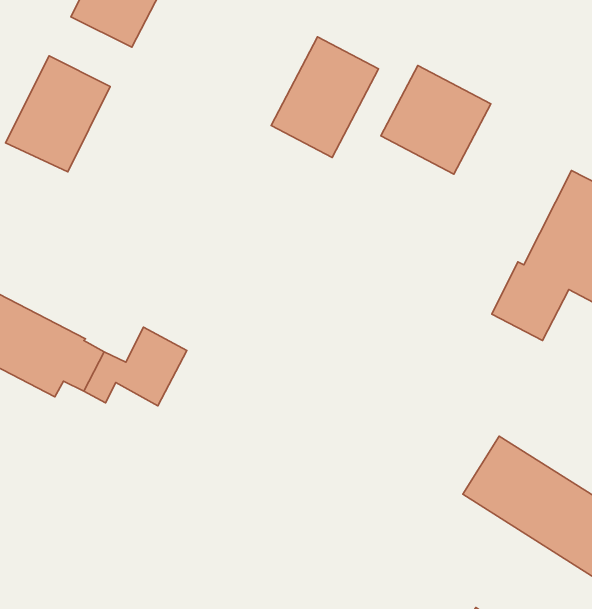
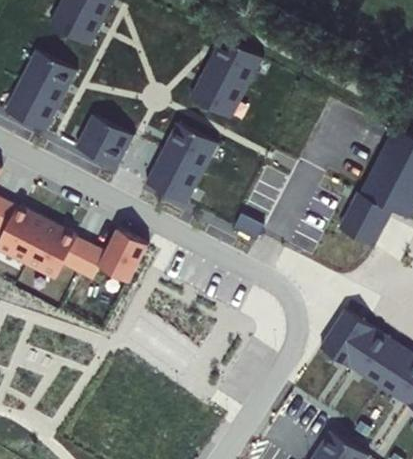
building: [381,66,491,174] -> none
building: none -> [77,112,135,167]
building: none -> [145,121,219,202]

